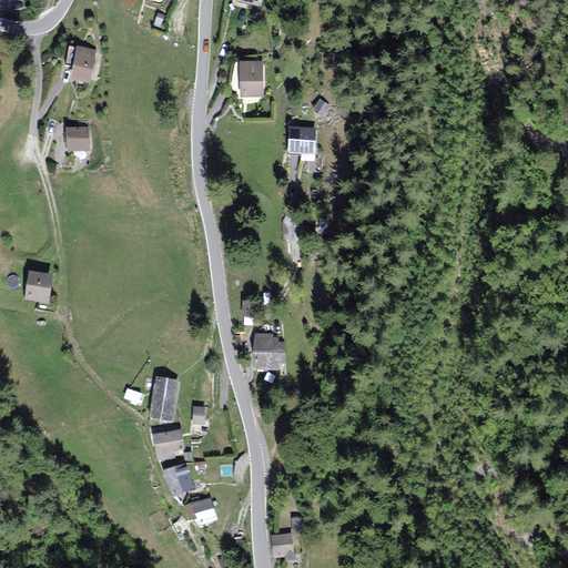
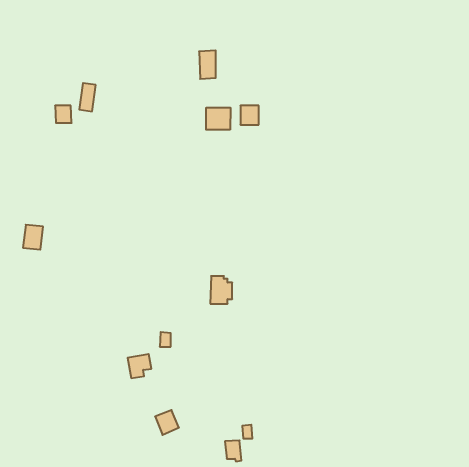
building: [73,48,93,82] -> [79,83,96,111]
building: none -> [206,108,230,130]
building: [151,377,175,417] -> none
building: [164,466,193,494] -> none

